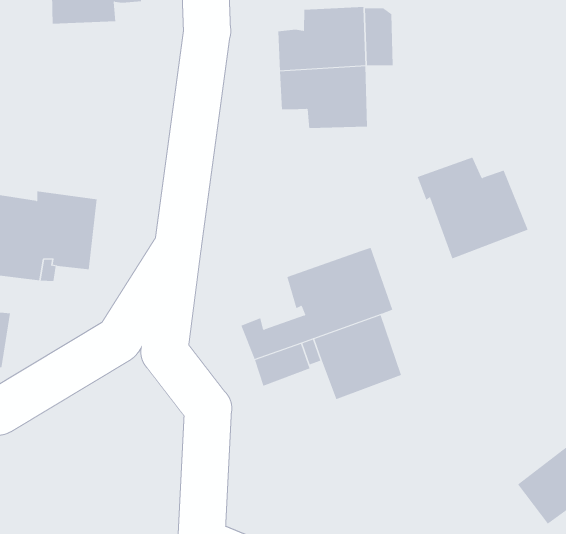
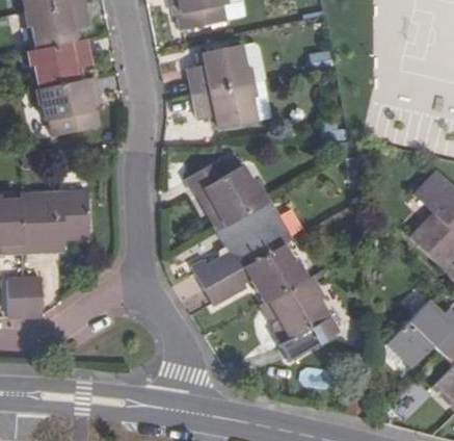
building: none -> [38,76,101,135]
building: [417,157,528,259] -> [186,159,264,228]
building: none -> [259,278,335,359]

